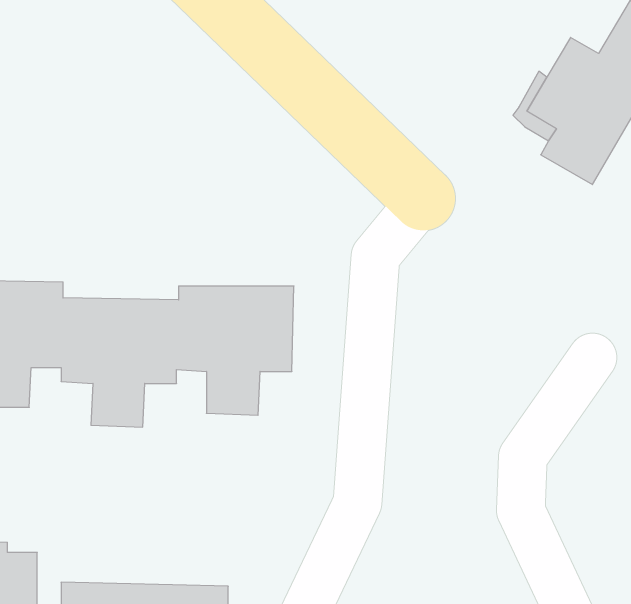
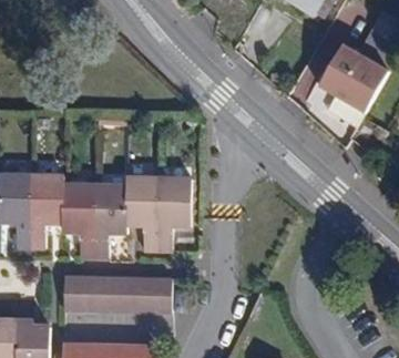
building: none -> [63,276,171,313]

